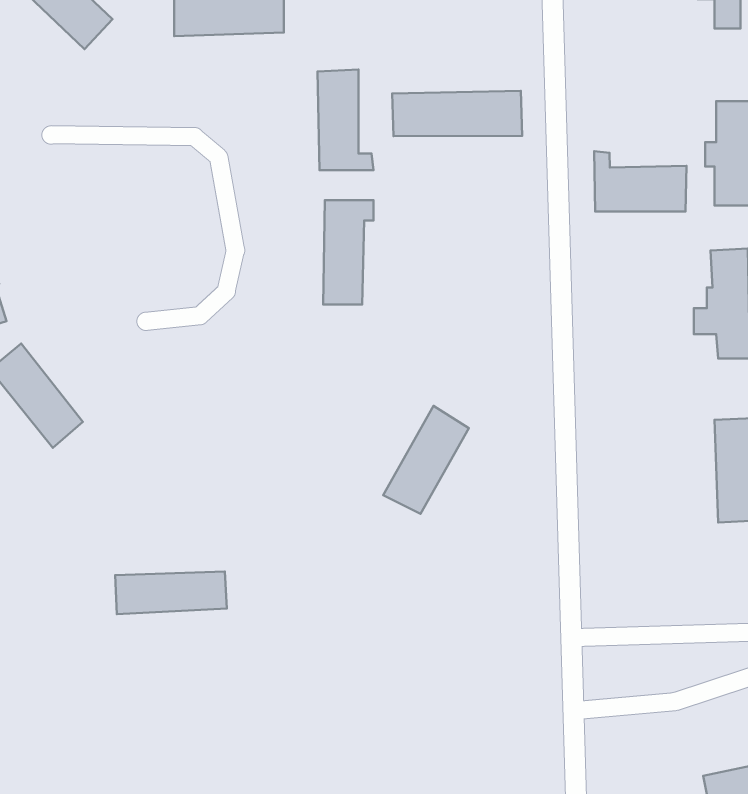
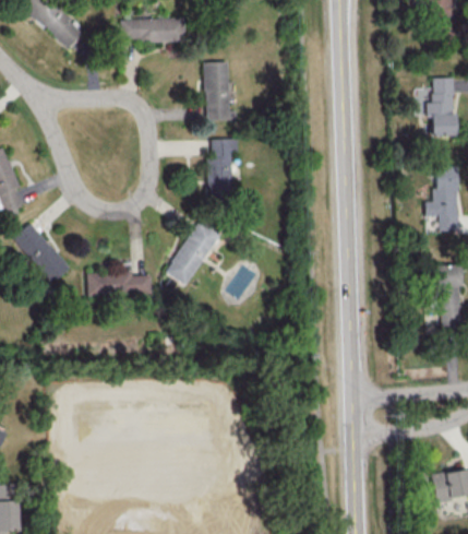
building: [392,91,522,136] -> none
building: [594,151,687,211] -> none
building: [383,406,469,514] -> [166,222,216,285]
building: [115,571,227,614] -> [86,272,152,297]

